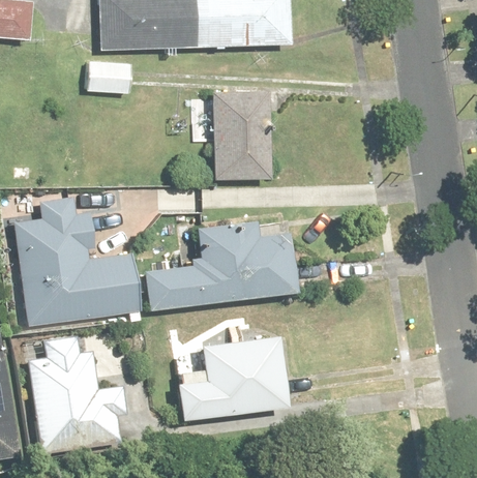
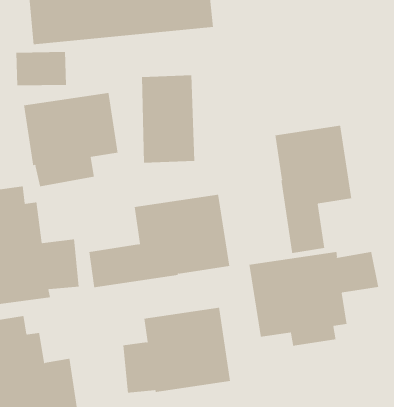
building: none -> [23,92,118,187]
building: none -> [275,125,352,254]
building: none -> [249,251,379,346]

